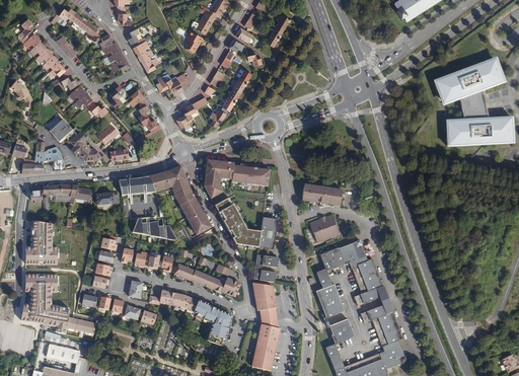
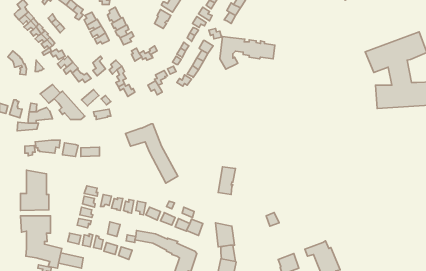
building: [205,159,270,198] -> [220,37,275,69]
building: [119,176,155,196] -> none
building: [302,182,342,204] -> none
building: [215,197,261,248] -> none
building: [310,212,340,237] -> none
building: [133,216,179,241] -> none
building: [320,239,382,304] -> none
building: [253,253,279,282] -> none
building: [315,283,344,316] -> none

